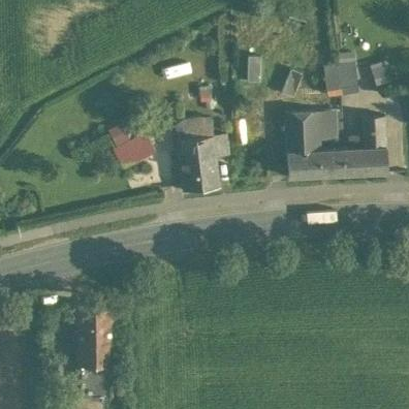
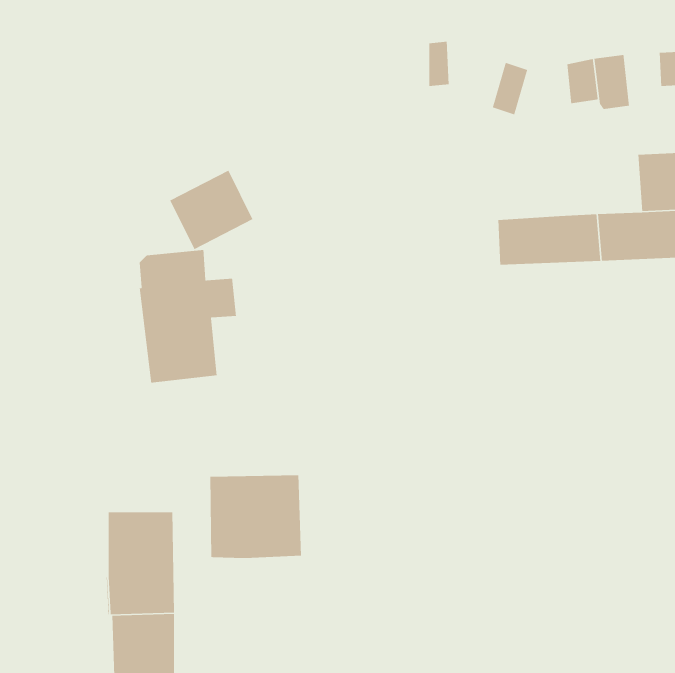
building: [285,109,338,152] -> none
building: [178,119,230,191] -> [139,249,237,384]
building: none -> [210,474,302,559]

